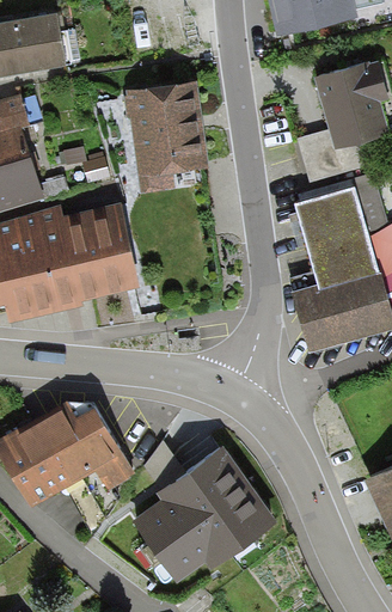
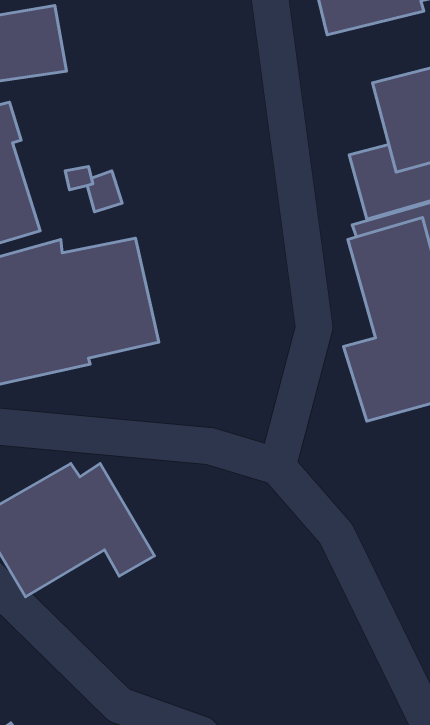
building: [123,82,209,195] -> none
building: [134,432,275,570] -> none

